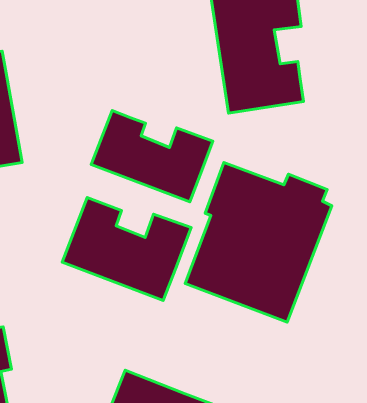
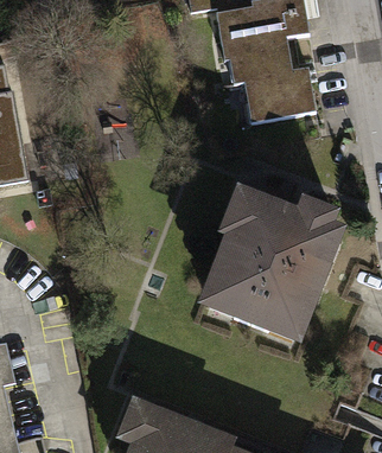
building: [91,111,213,202] -> none
building: [62,198,191,301] -> none

